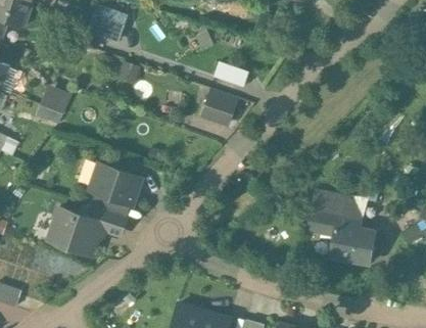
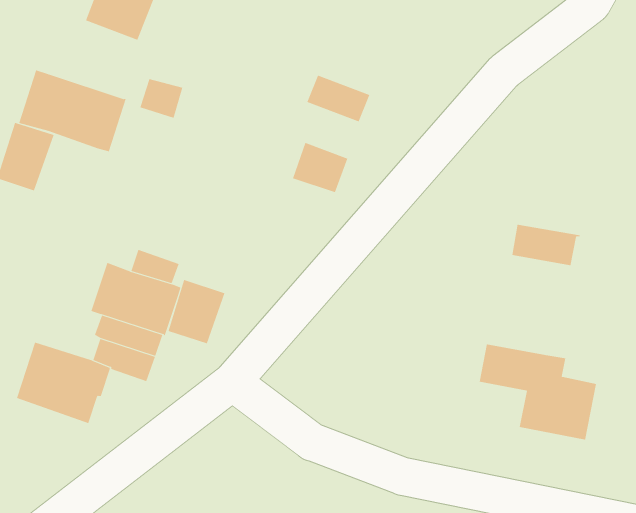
building: none -> [19,70,127,152]
building: none -> [168,279,225,344]
building: [313,192,351,216] -> [511,224,580,266]

